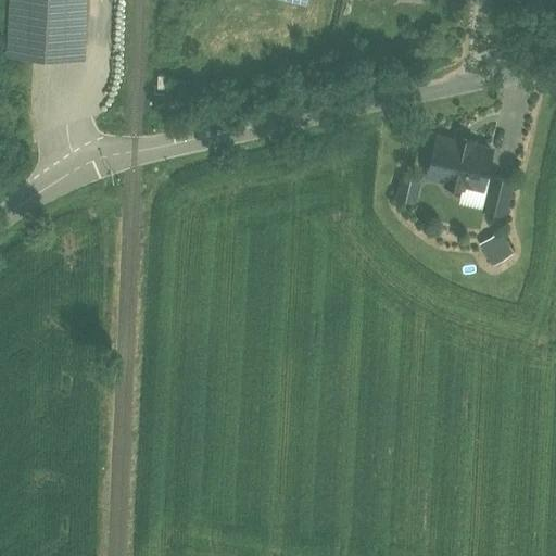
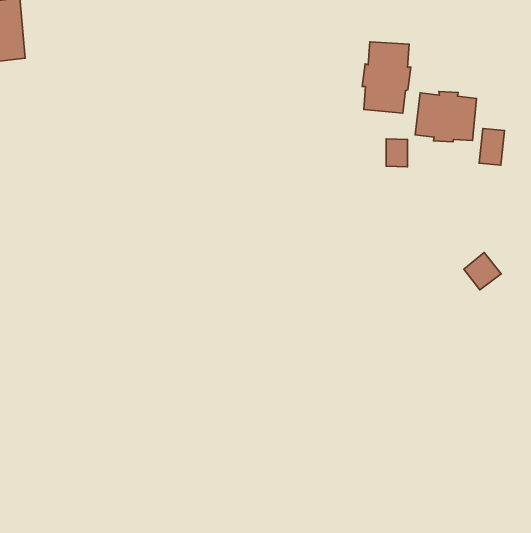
building: none -> [362,42,411,113]
building: [481,231,515,265] -> [464,252,501,290]

